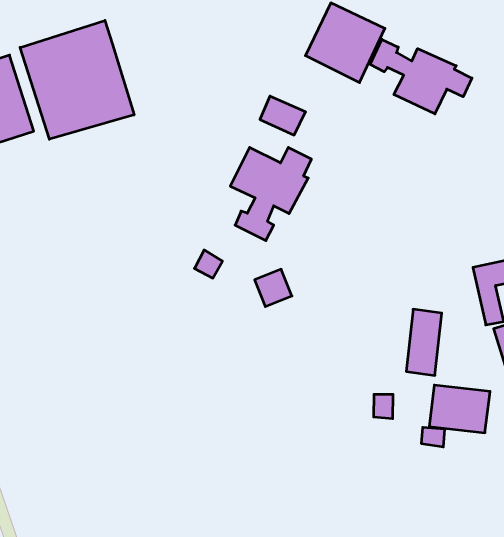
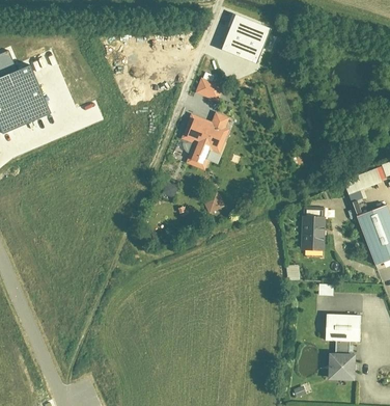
building: [20,20,134,139] -> none
building: [370,39,472,114] -> none
building: [429,385,490,433] -> [324,315,361,343]

